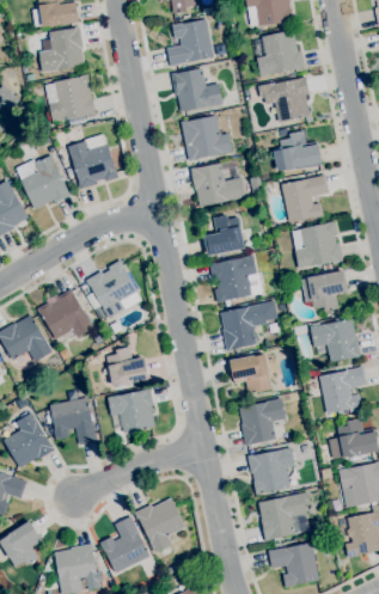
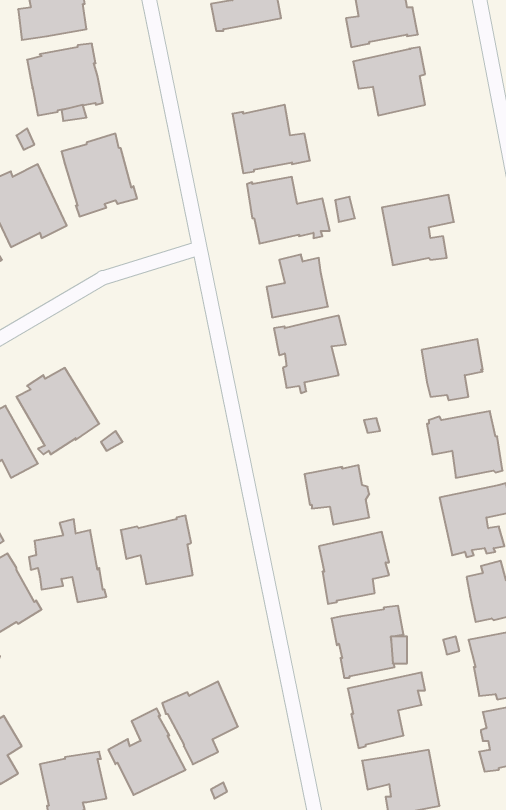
building: [171,67,224,111] -> none
building: [274,130,323,171] -> none
building: [292,221,343,269] -> none
building: [86,259,137,318] -> none
building: [220,300,277,350] -> none
building: [106,347,149,386] -> none

